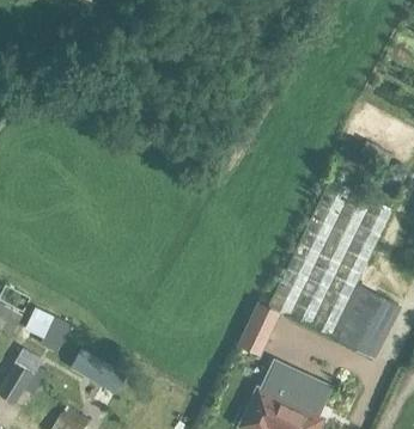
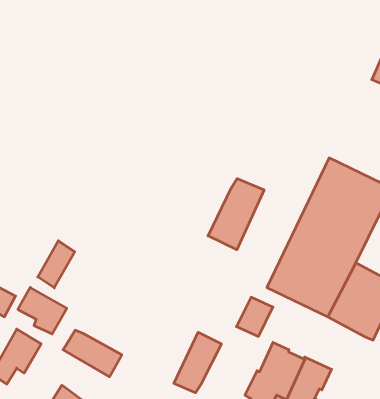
building: none -> [208,179,264,250]
building: none -> [38,241,75,288]
building: none -> [174,332,221,393]

